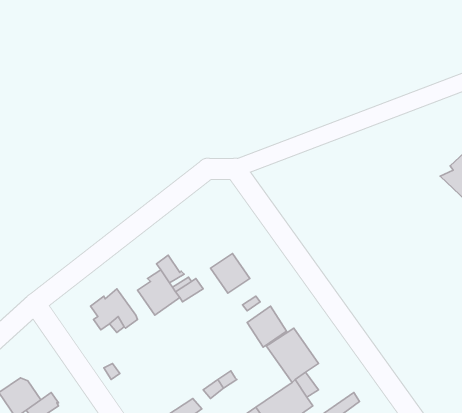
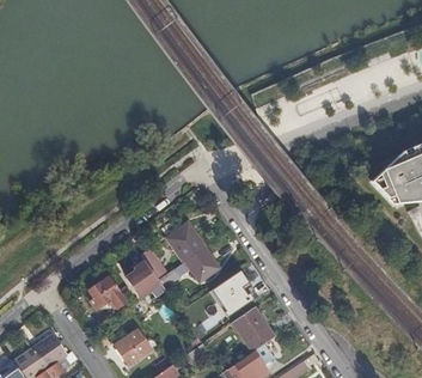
building: none -> [169,222,204,260]
building: none -> [115,329,154,368]
building: none -> [31,333,69,368]

